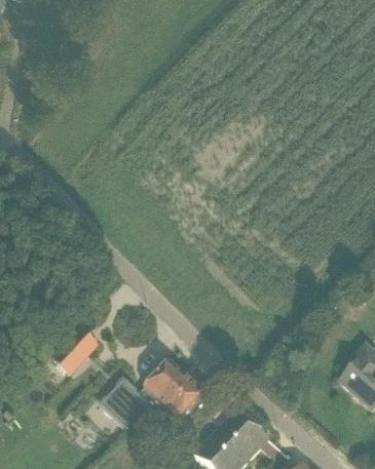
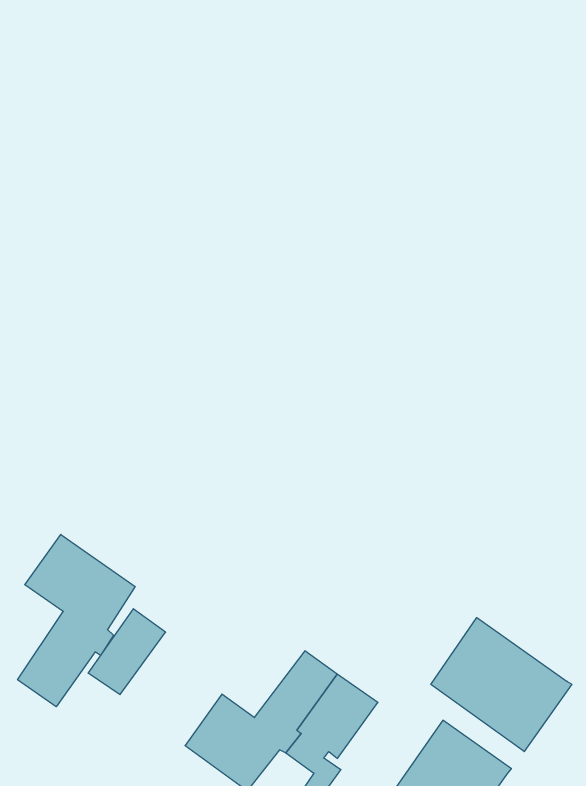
building: none -> [18,534,135,707]
building: none -> [431,618,572,752]

